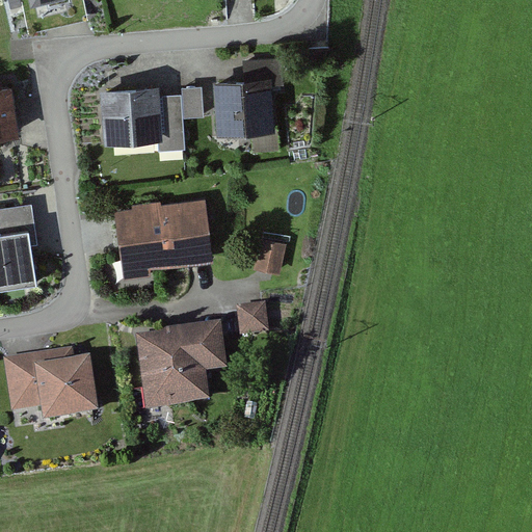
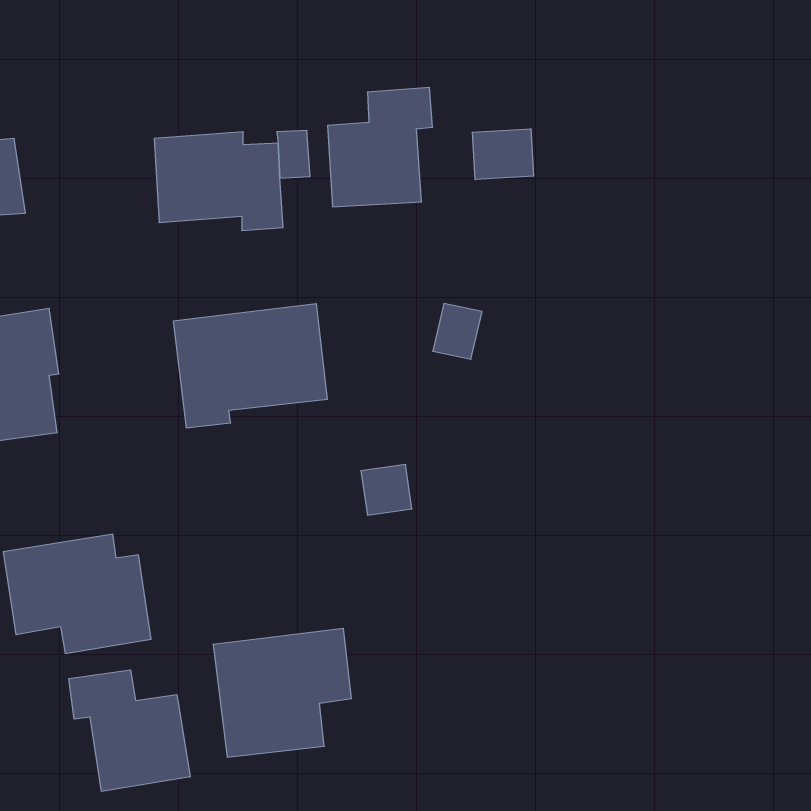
building: none -> [472,129,534,180]
building: [254,237,286,273] -> [433,304,482,359]
building: [136,327,227,411] -> [213,628,351,757]
building: none -> [69,670,190,791]

